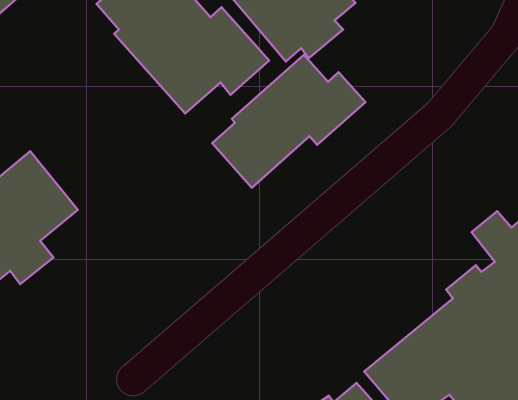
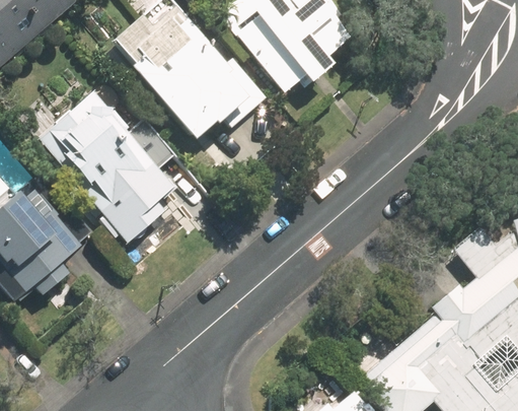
building: [212,55,365,188] -> none
building: none -> [35,88,180,237]

